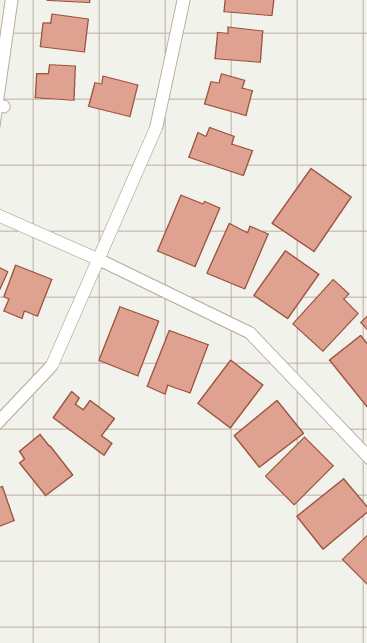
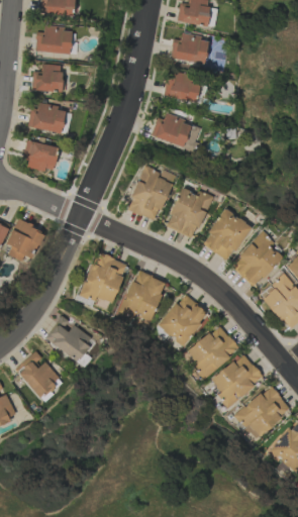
building: [88,76,138,117] -> [27,103,66,134]
building: none -> [23,140,59,173]
building: [272,168,351,252] -> none

